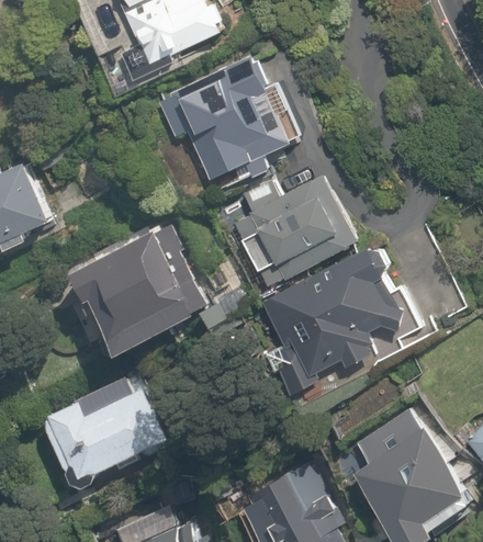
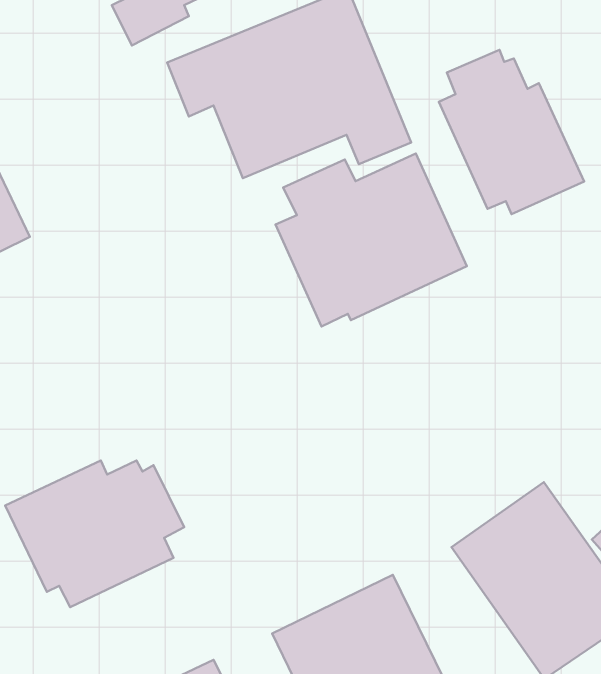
building: none -> [439,50,584,214]
building: [61,222,200,370] -> none
building: [252,245,415,398] -> none

